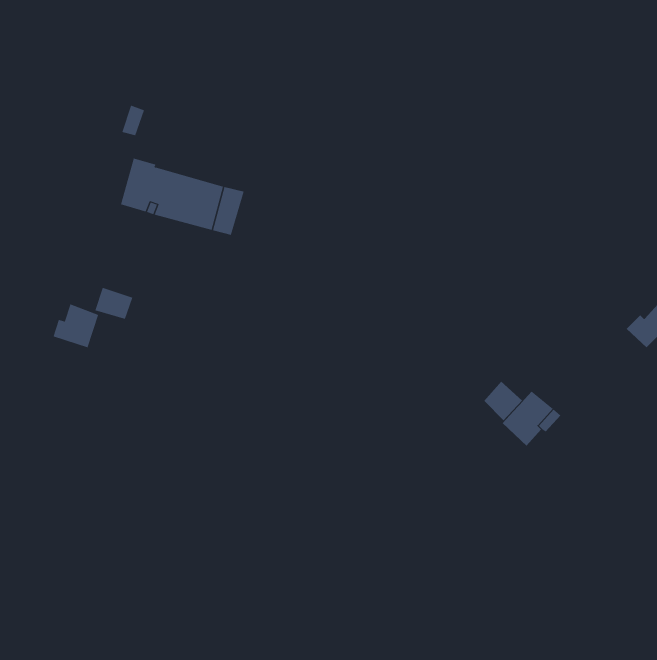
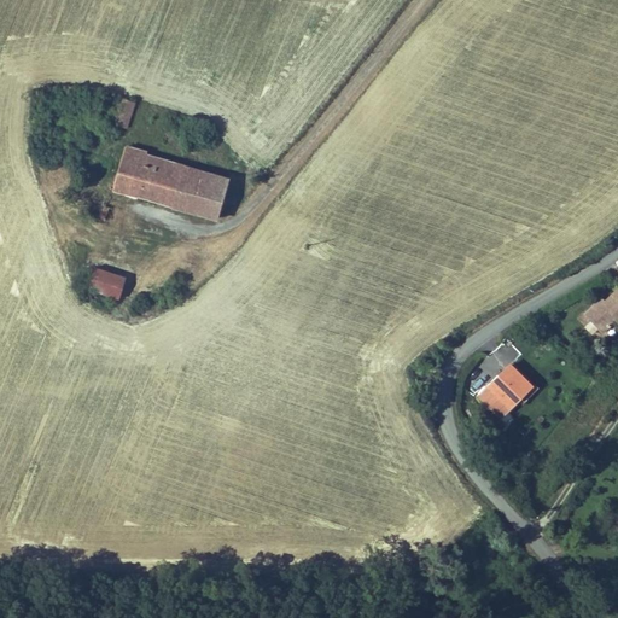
building: [53,303,99,348] -> none
building: [483,381,523,421] -> none

